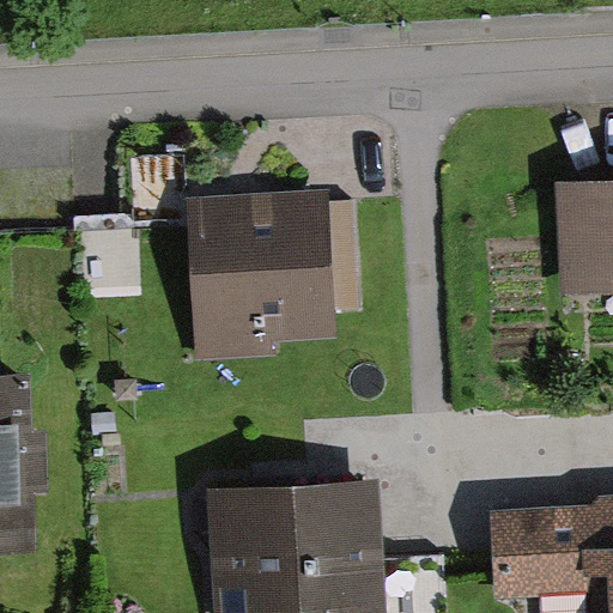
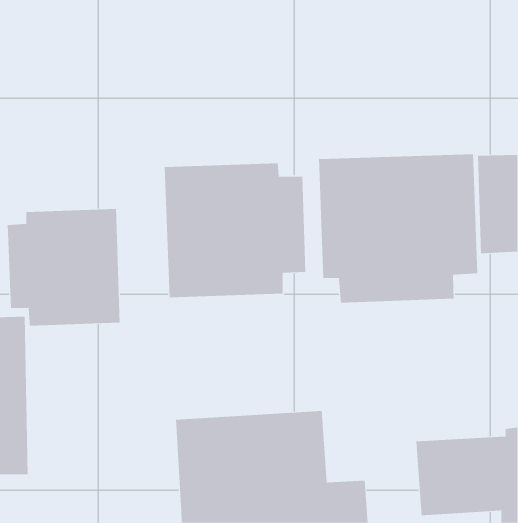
building: none -> [318,153,478,304]
building: none -> [7,208,120,326]

